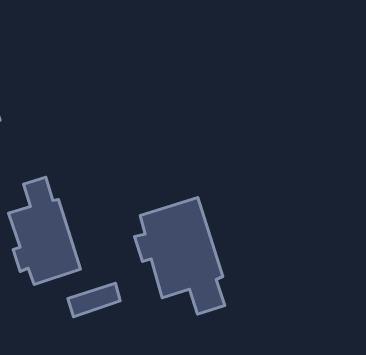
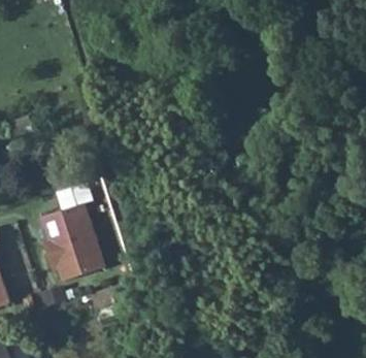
building: [135,198,225,314] -> none

